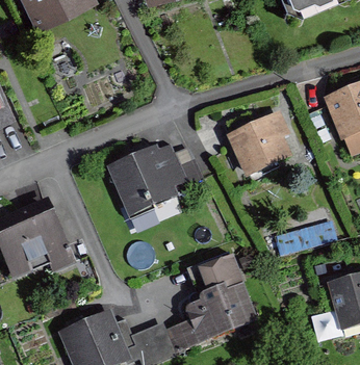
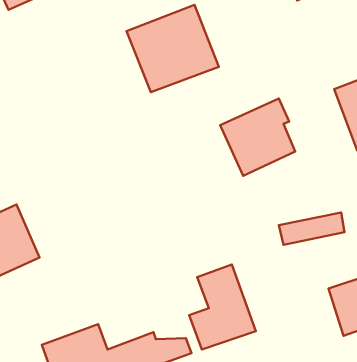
building: [106,141,189,220] -> [127,5,219,92]

